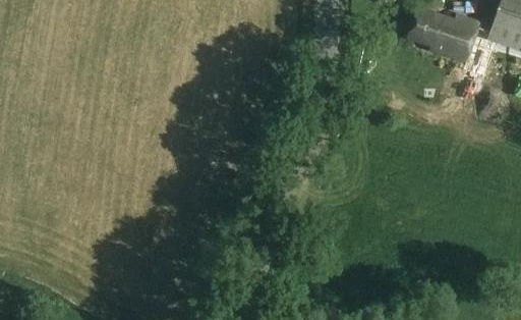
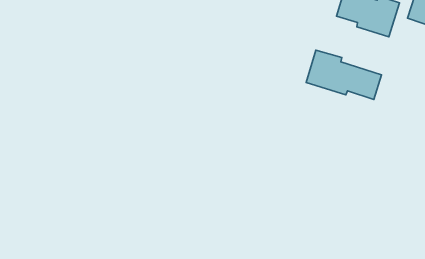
building: none -> [306,50,381,99]

